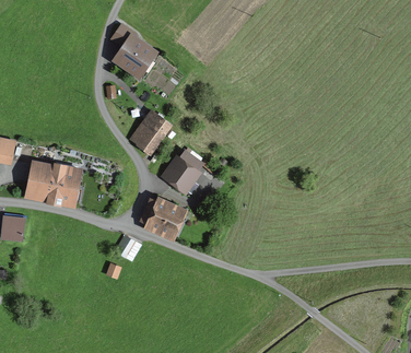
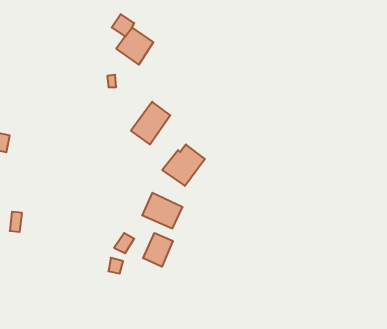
building: [28,164,79,205] -> none
building: none -> [143,233,173,267]

